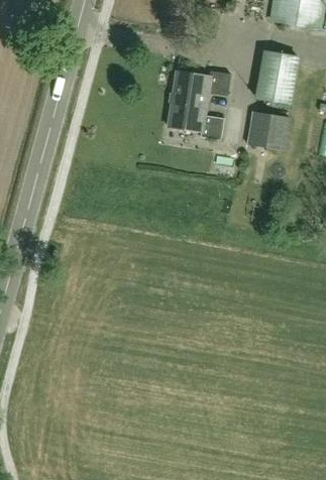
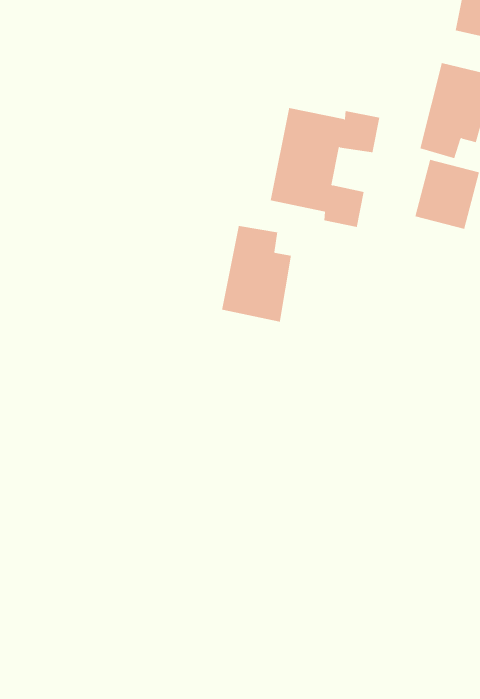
building: none -> [221,225,292,322]

